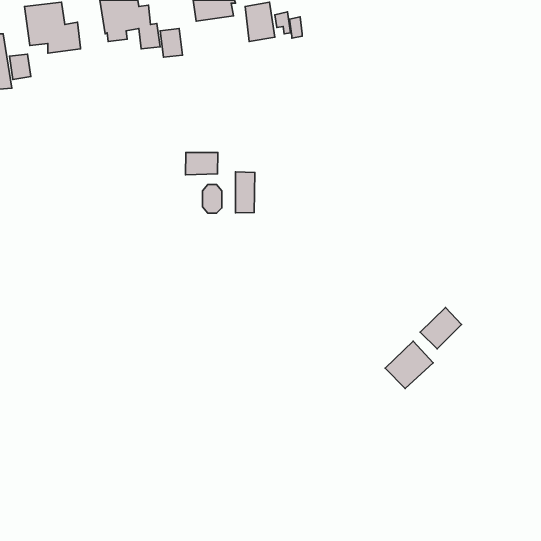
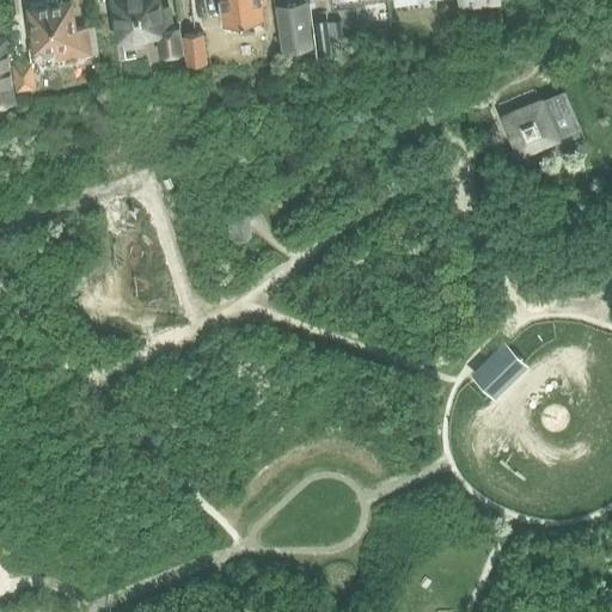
building: none -> [503,92,579,153]
building: [185,152,218,175] -> none
building: [235,172,255,213] -> none
building: [385,341,433,388] -> none

